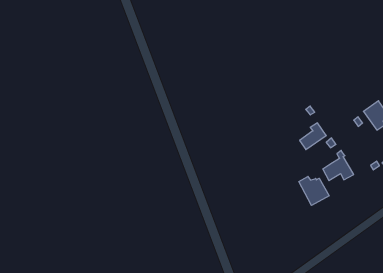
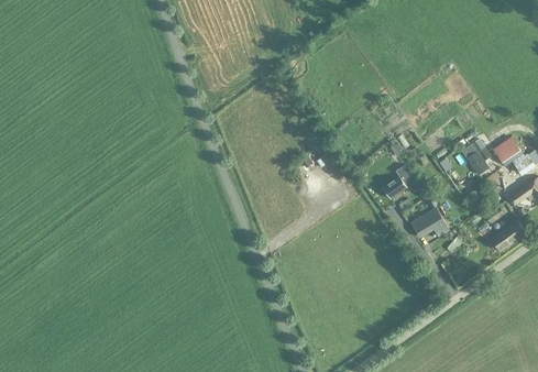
building: [299,176,329,205] -> none

